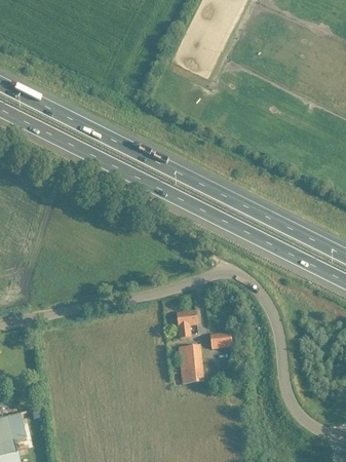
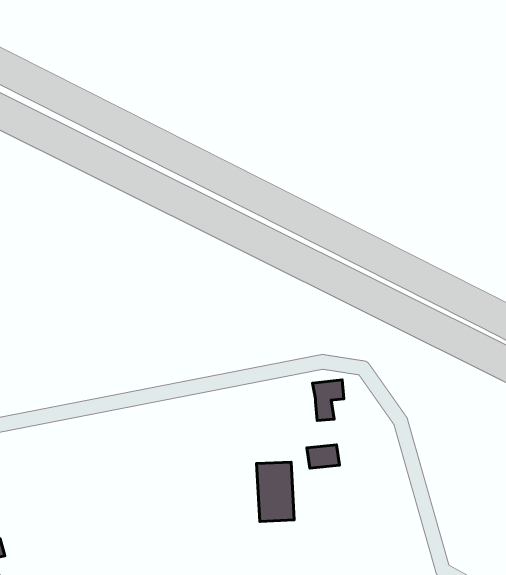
building: [178,311,198,338] -> [312,380,344,421]

